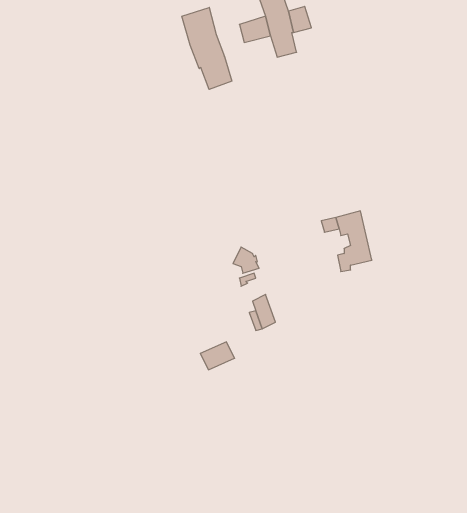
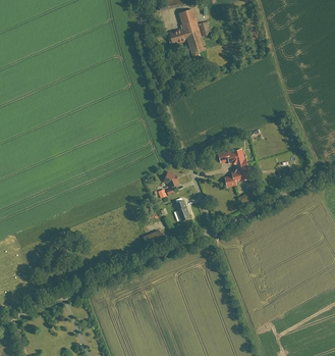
building: [182,7,232,89] -> none

